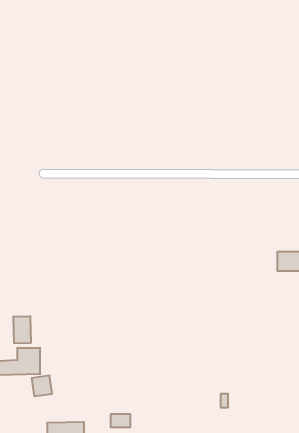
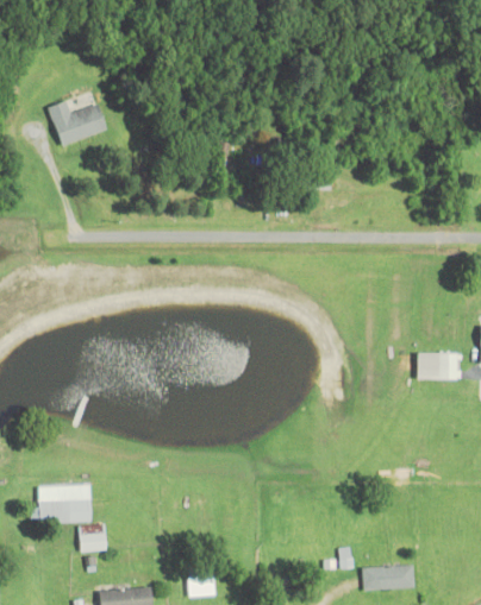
building: none -> [48,100,106,144]
building: [14,316,31,343] -> none
building: none -> [362,565,413,588]

